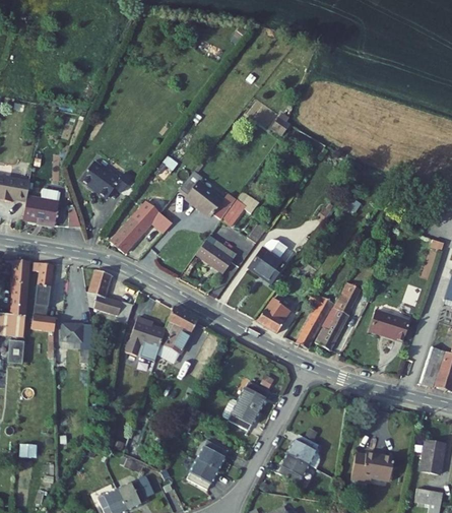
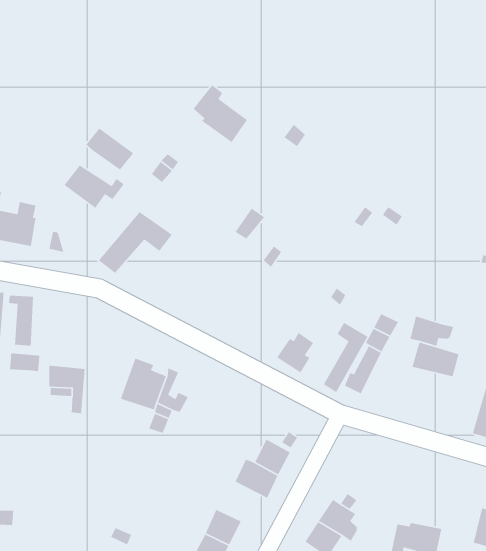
building: none -> [85,128,134,171]
building: [175,163,220,211] -> [192,84,248,143]
building: [191,235,232,273] -> none
building: [243,244,283,280] -> none
building: [92,267,134,321] -> none
building: none -> [409,315,454,347]
building: [166,310,196,351] -> none

